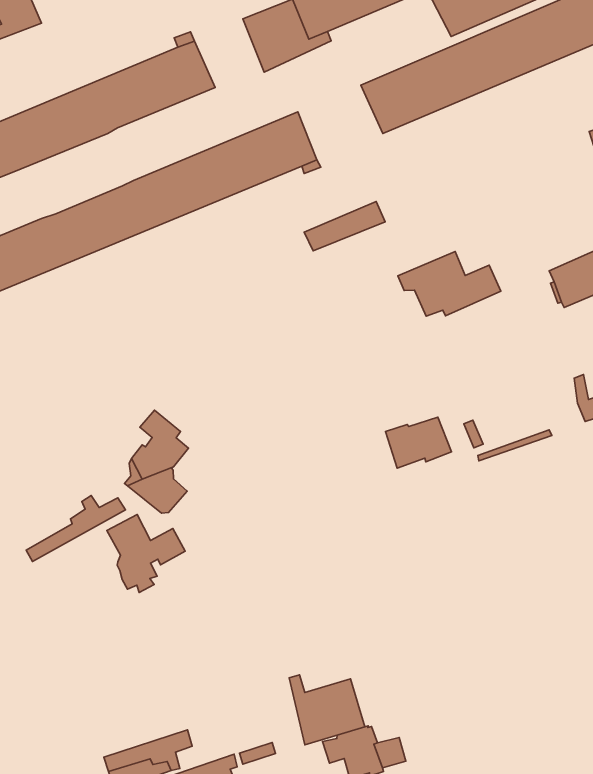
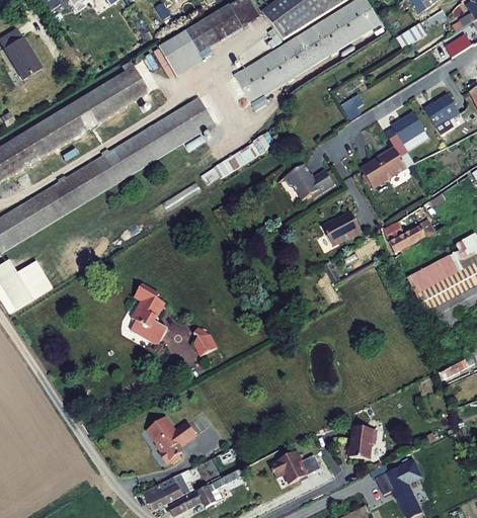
building: [385,417,452,468] -> [322,211,363,245]
building: [26,495,126,561] -> none
building: none -> [193,327,217,355]
building: [107,514,185,593] -> [149,416,196,461]
building: [289,675,365,745] -> none
building: none -> [347,425,377,458]

